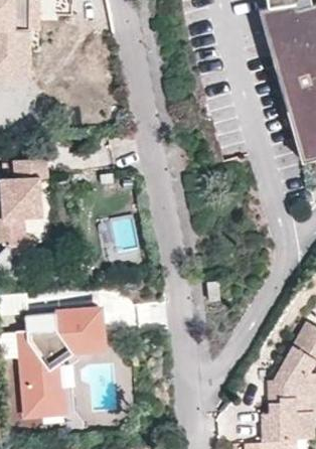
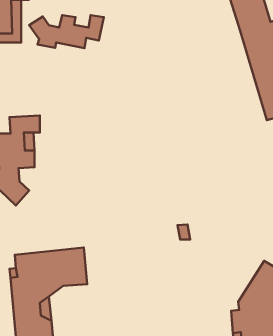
building: none -> [29,15,104,48]

